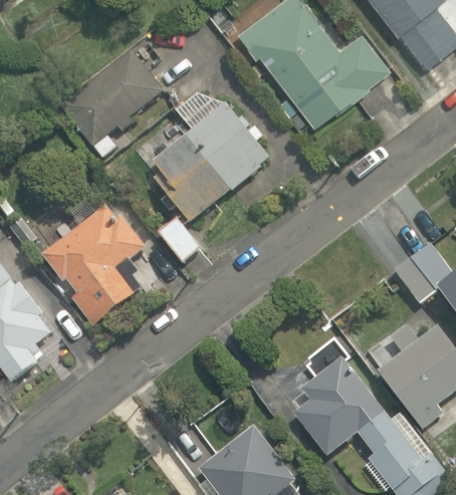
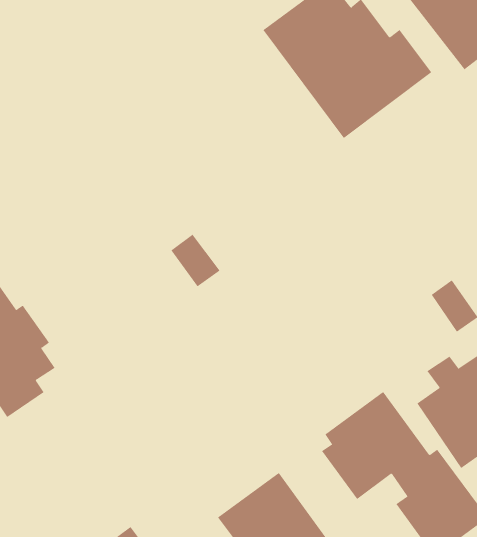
building: [59,51,161,155] -> none
building: [149,83,267,224] -> none
building: [39,201,144,321] -> none

